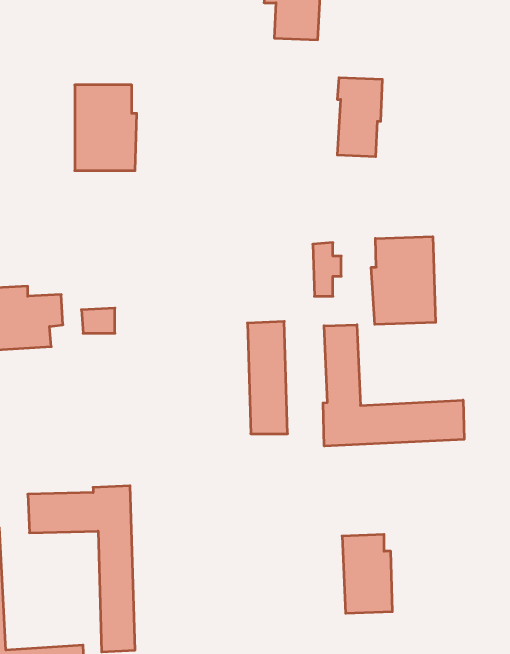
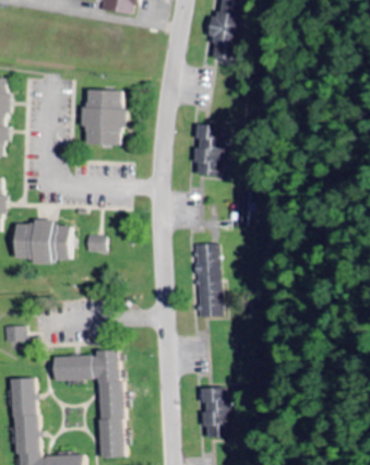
building: [337,78,382,157] -> [196,124,226,176]
building: [371,237,436,324] -> none
building: [323,325,464,446] -> none
building: [342,534,392,613] -> [203,388,236,439]

